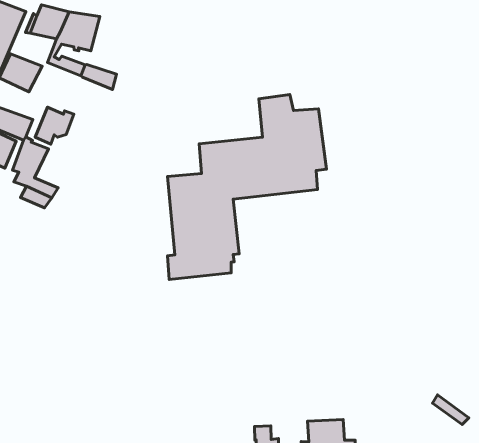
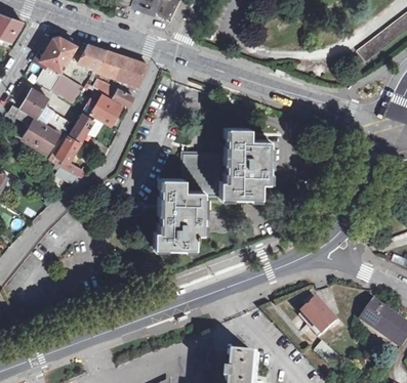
building: none -> [115,56,146,87]
building: none -> [88,94,119,124]
building: none -> [298,299,335,337]

